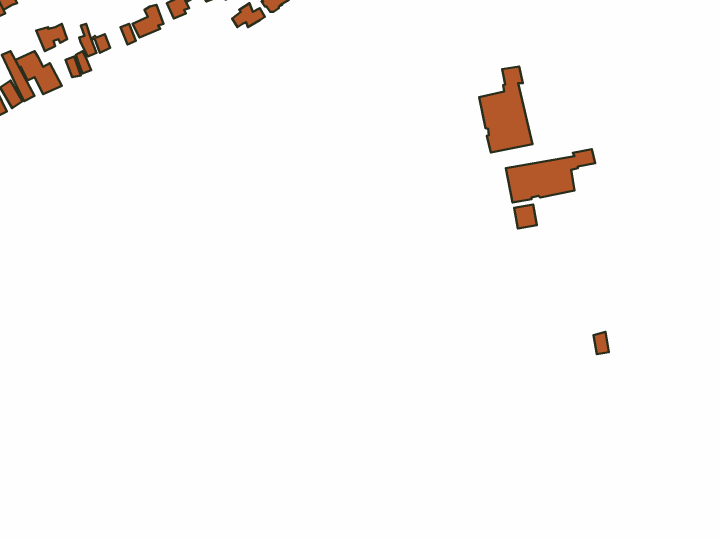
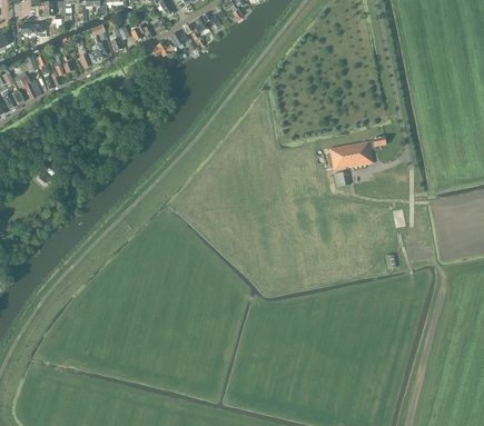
building: [479,66,533,153] -> none

